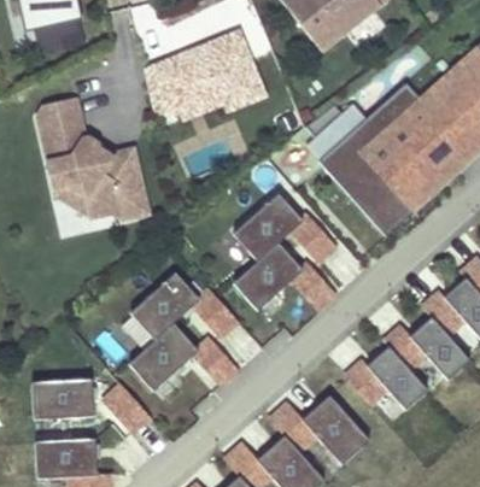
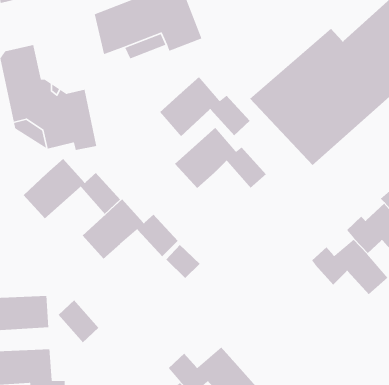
building: [234,242,335,310] -> [159,76,250,137]
building: [129,322,238,389] -> [23,158,121,219]
building: [346,345,427,409] -> none
building: [270,394,369,464] -> none

